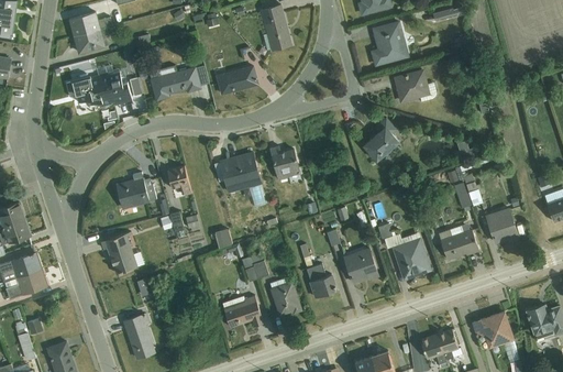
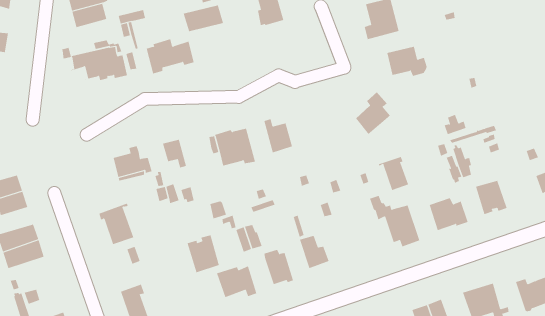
building: [216,66,257,94] -> [183,5,224,32]
building: none -> [378,156,409,191]
building: [343,248,378,283] -> none
building: none -> [187,234,219,273]

